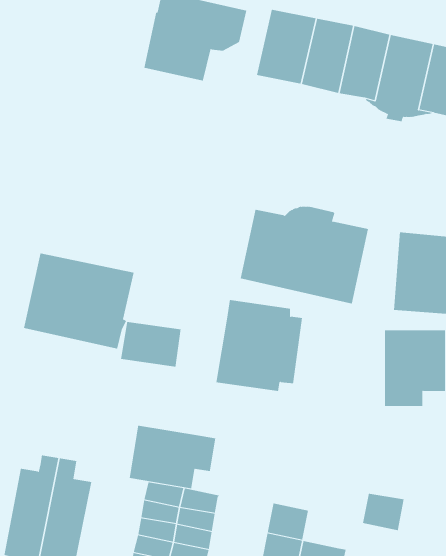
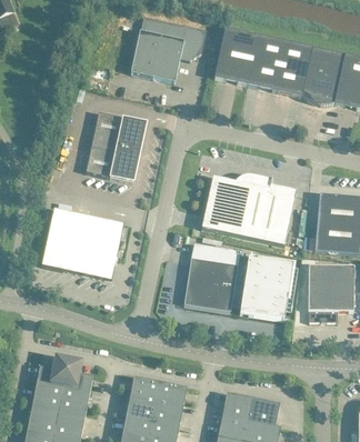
building: none -> [86,111,146,181]
building: none -> [240,255,292,319]
building: [120,321,181,368] -> none
building: [129,425,216,489] -> none
building: [362,493,404,531] -> [248,398,279,425]

